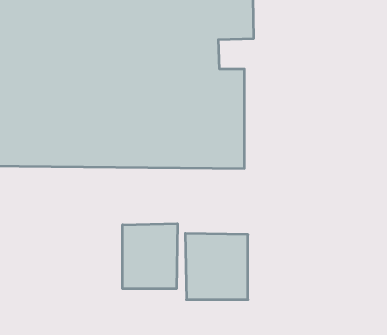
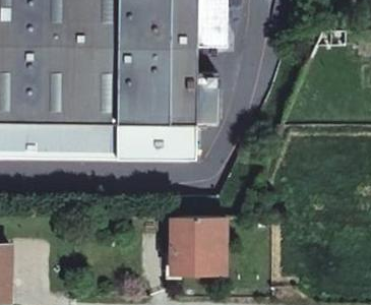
building: [123,224,177,289] -> none

